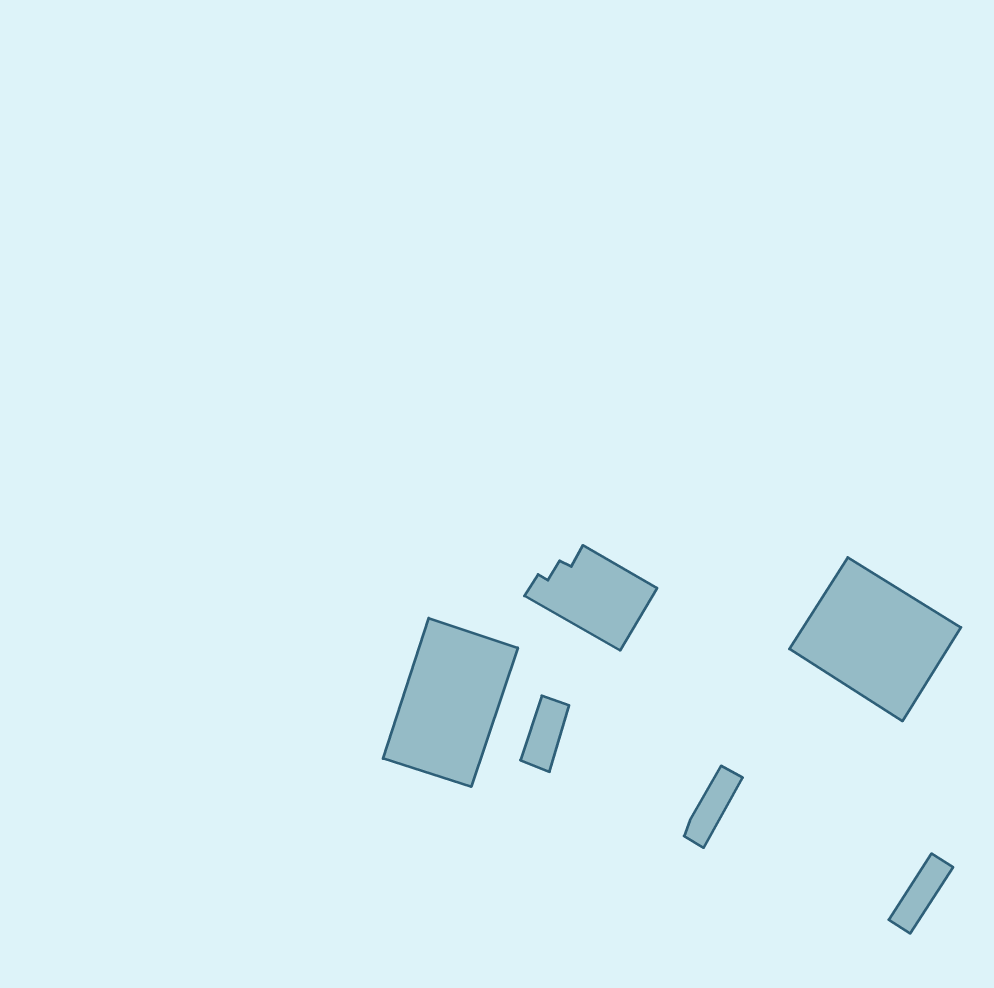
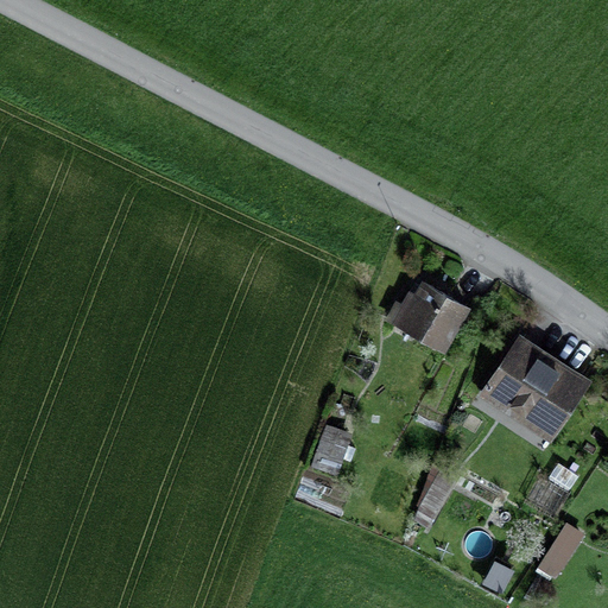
building: [524,545,657,650] -> [387,287,468,352]
building: [383,618,518,787] -> none

